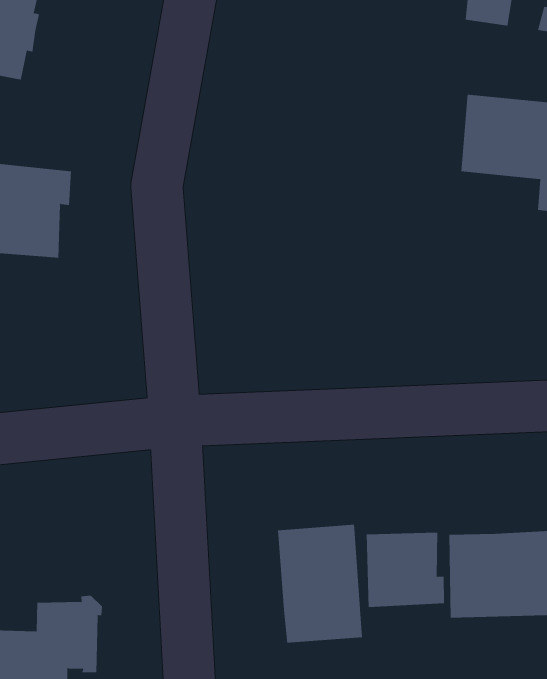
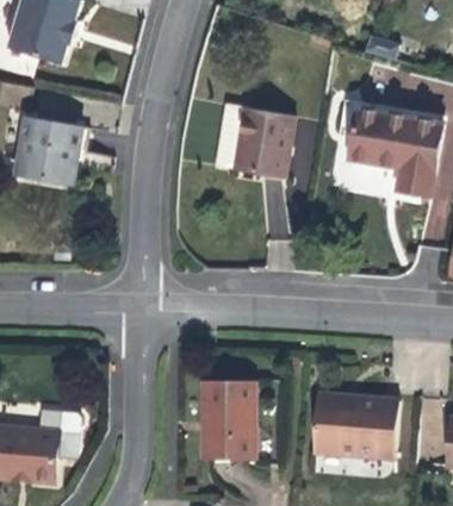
building: none -> [215,106,296,181]
building: [366,532,444,608] -> none

